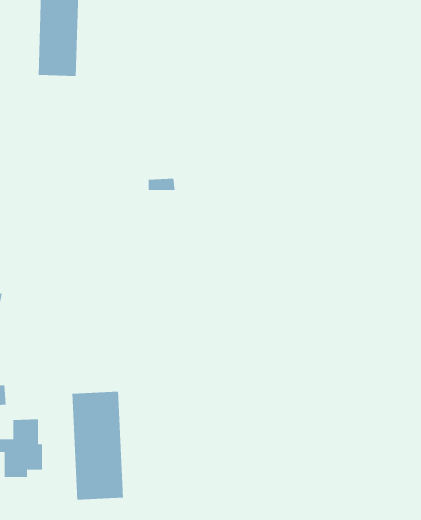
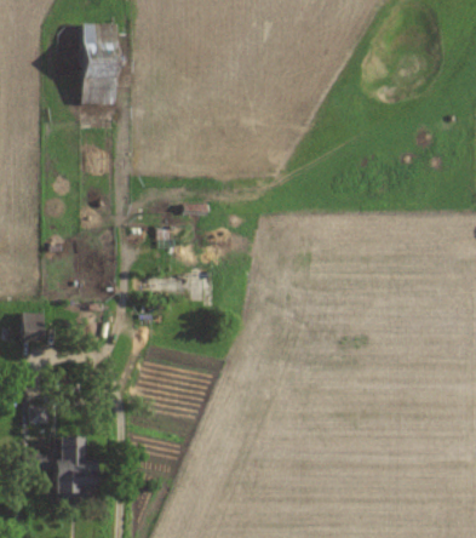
building: [72,391,123,500] -> none

